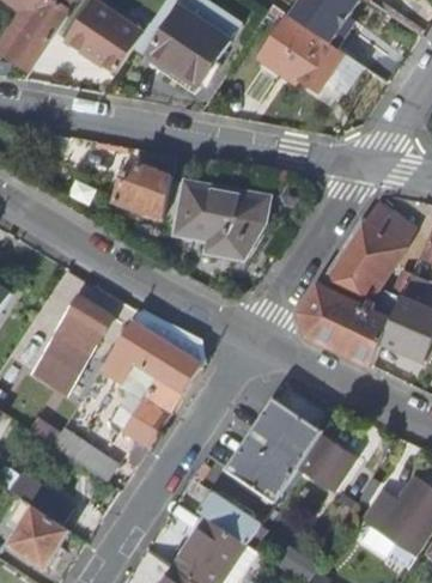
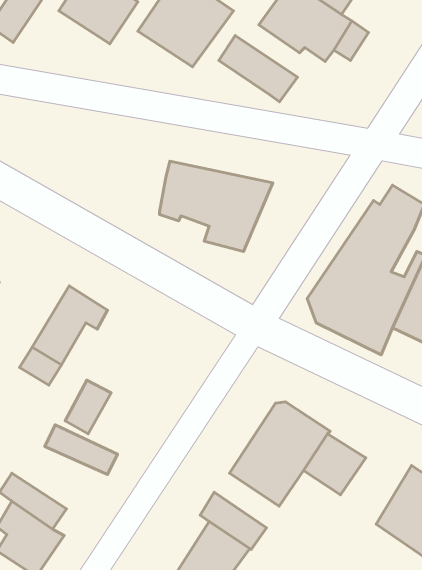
building: none -> [219,35,297,102]
building: [115,166,168,229] -> none
building: [102,311,205,445] -> none

